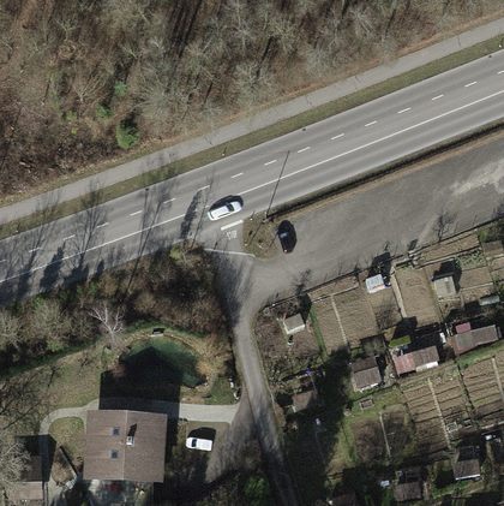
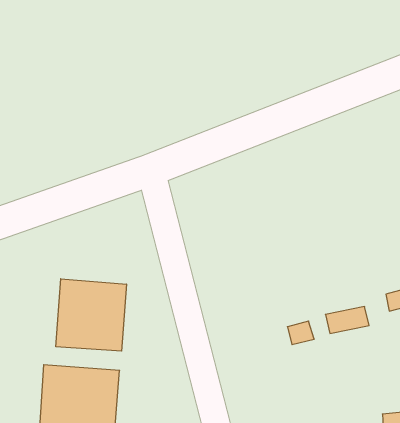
building: none -> [56,279,126,351]

